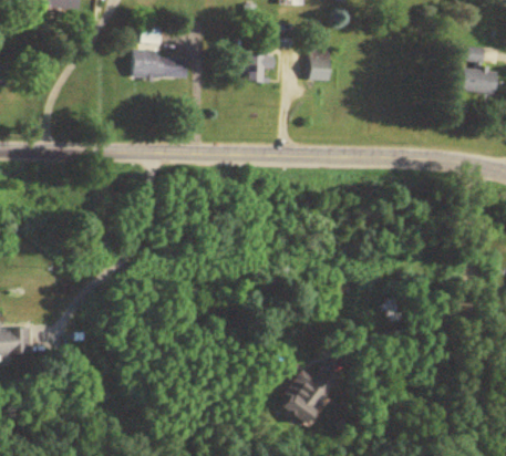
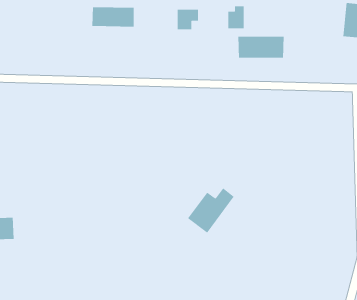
building: none -> [238,36,284,58]
building: [275,365,337,425] -> [187,188,235,233]

